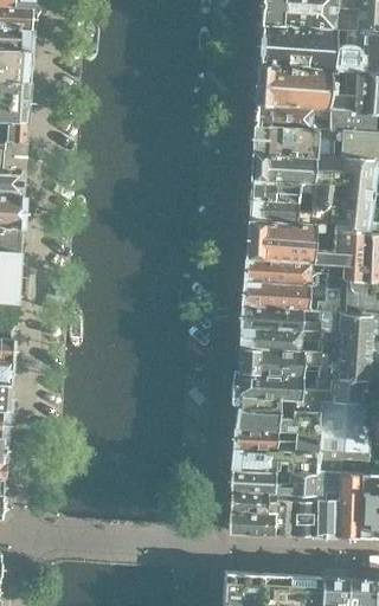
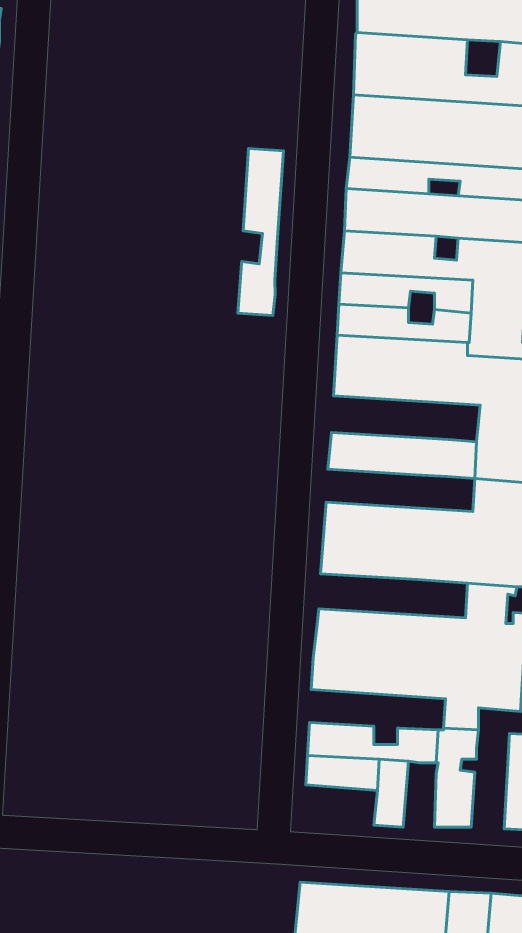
building: none -> [238,149,284,315]
building: [246,258,342,288] -> none
building: [243,305,339,333] -> none
building: [238,373,334,401] -> none
building: [232,447,320,473] -> none
building: [336,473,361,537] -> none
building: [293,494,314,536] -> none
building: [229,509,276,535] -> none

